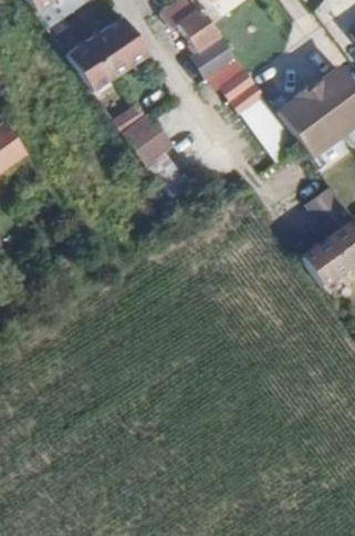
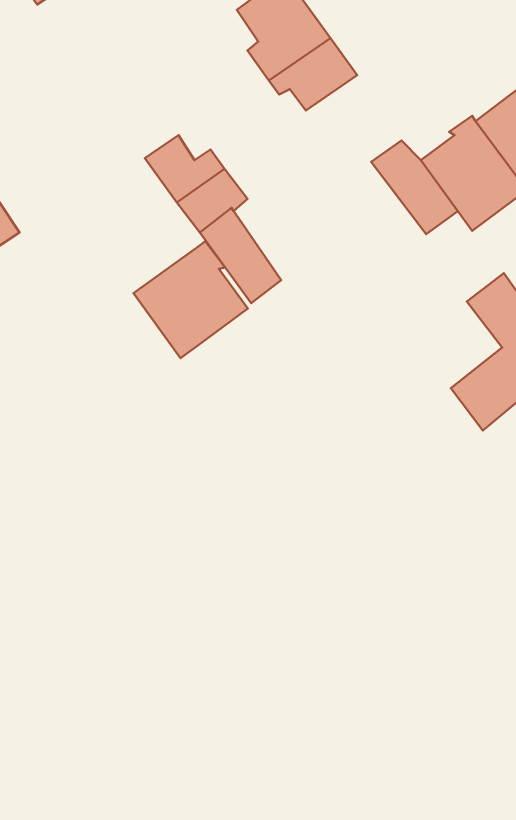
building: [66,17,146,92] -> none
building: [205,58,259,113] -> none
building: none -> [133,241,248,358]

